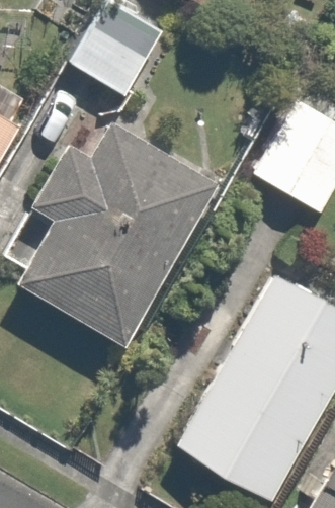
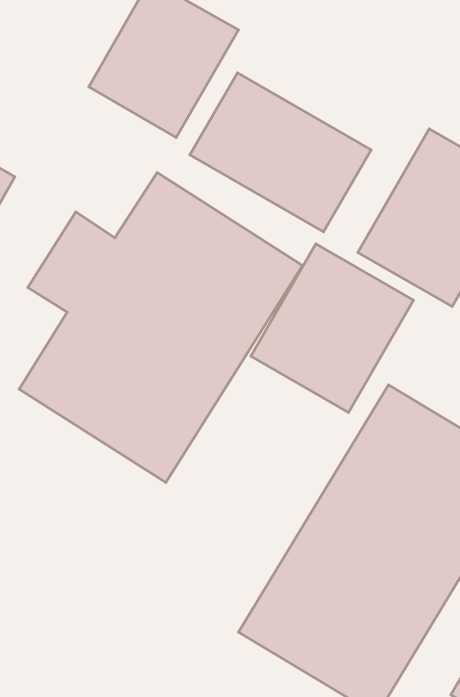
building: none -> [190,73,371,232]
building: none -> [251,244,414,413]

